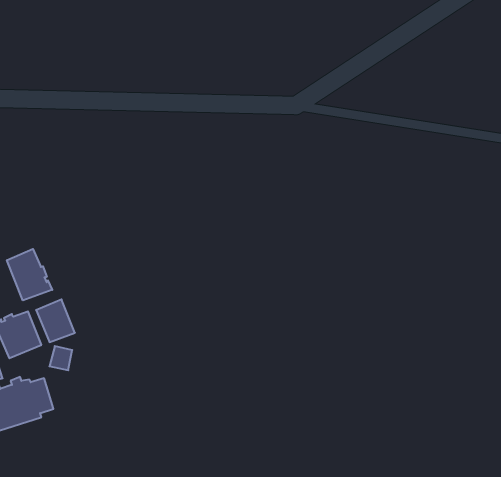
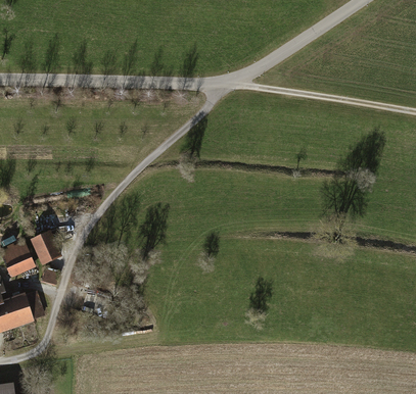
building: [7,249,52,300] -> none

